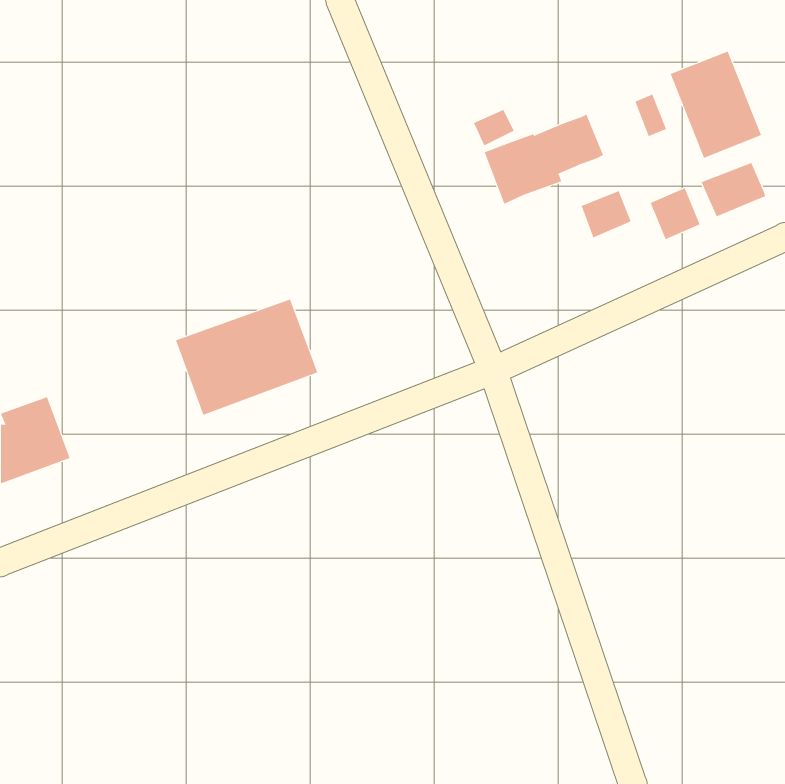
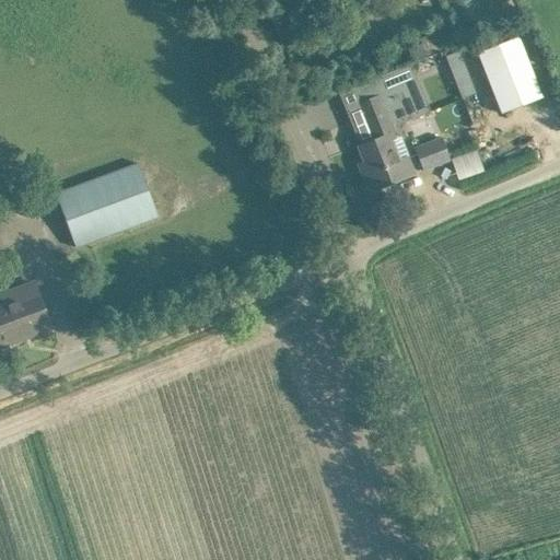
building: [701,162,766,217] -> none
building: none -> [358,129,413,188]
building: [175,299,318,416] -> [56,163,158,246]

